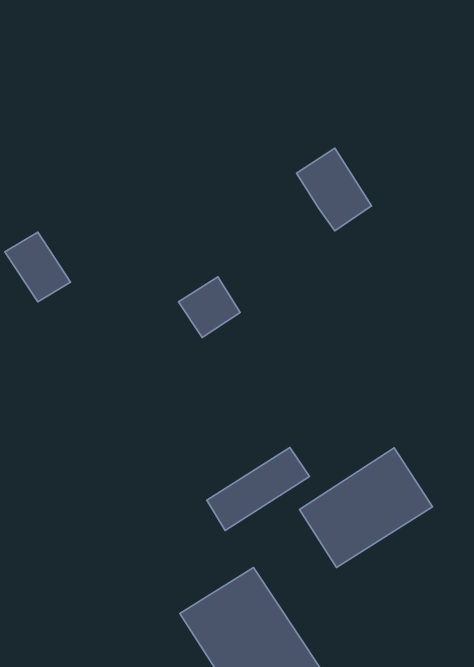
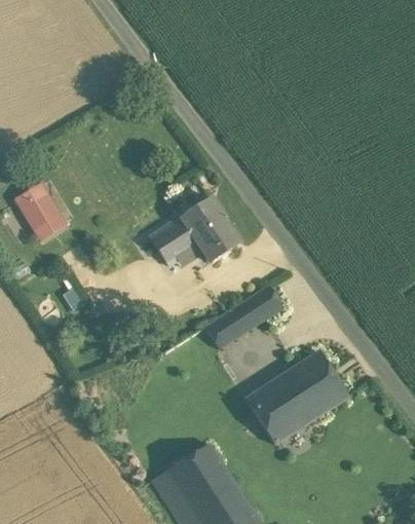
building: [297,148,372,231] -> [181,198,239,263]
building: [207,448,309,530] -> [203,286,284,350]

